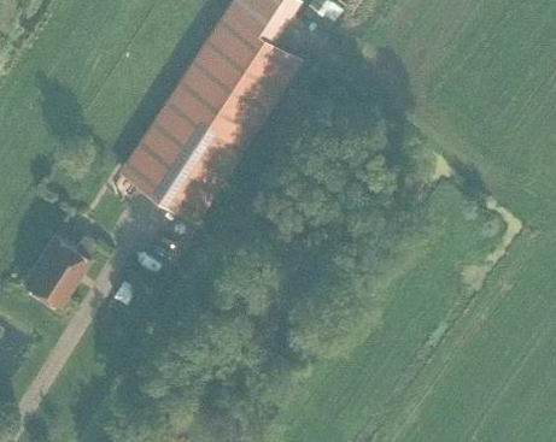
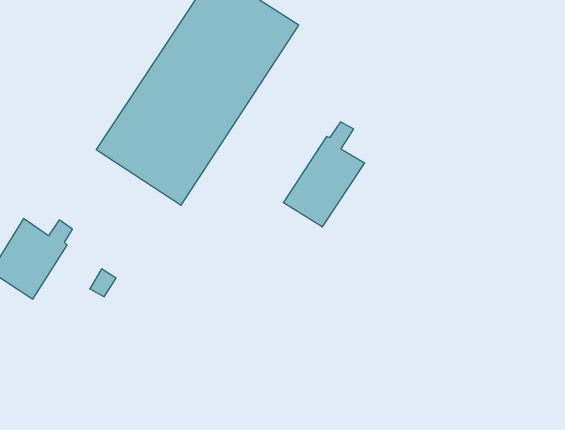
building: none -> [283,122,365,227]

